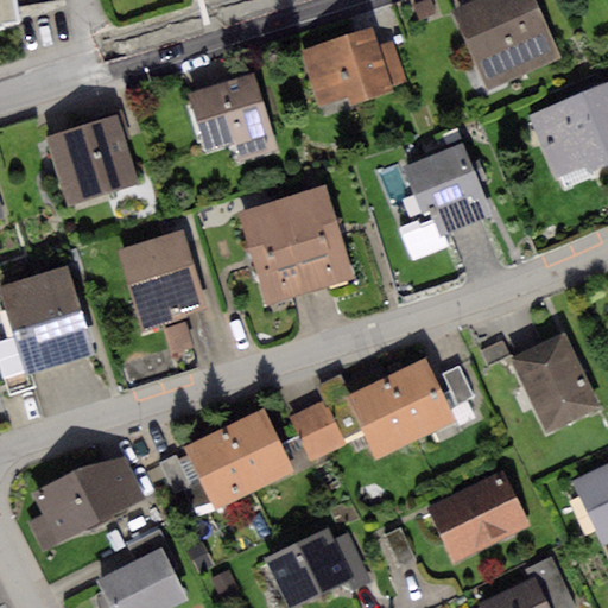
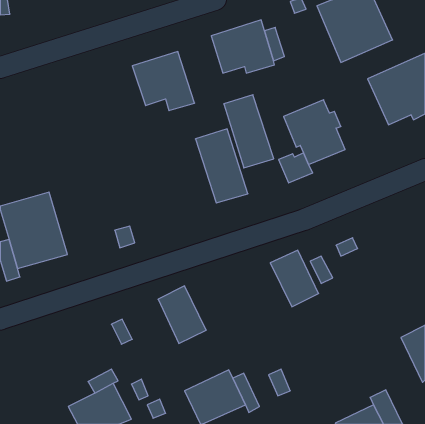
building: [49,115,139,204] -> none
building: [238,198,309,303] -> [224,95,274,168]
building: [120,229,209,330] -> none
building: [512,334,600,432] -> none
building: [347,375,417,457] -> none
building: [289,400,343,461] -> none
building: [186,428,255,509] -> none
building: [30,450,148,550] -> none
building: [428,470,531,562] -> none

